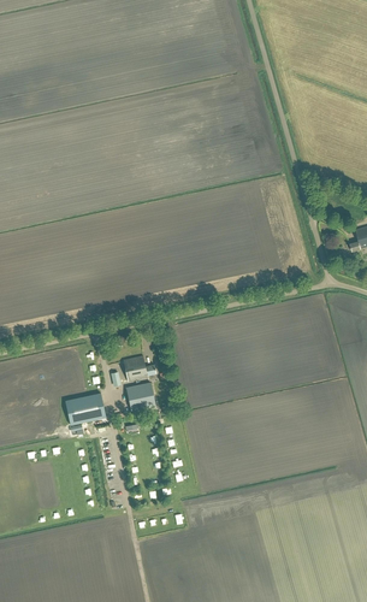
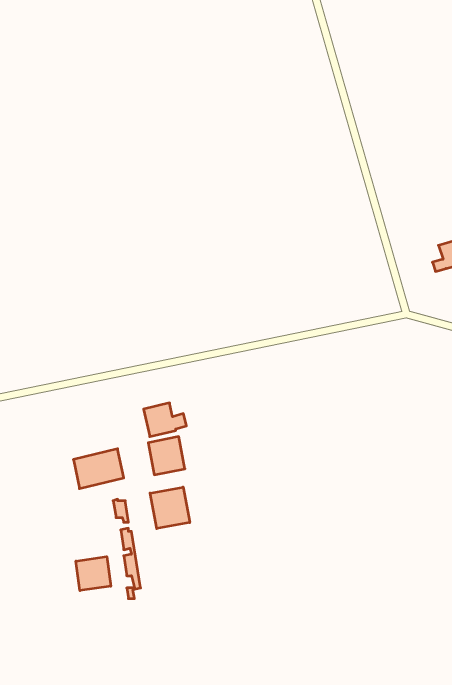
building: none -> [150,487,190,529]
building: none -> [76,557,111,591]

